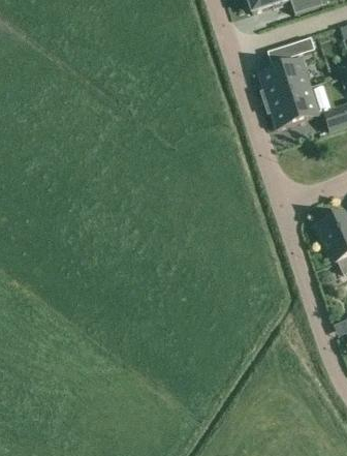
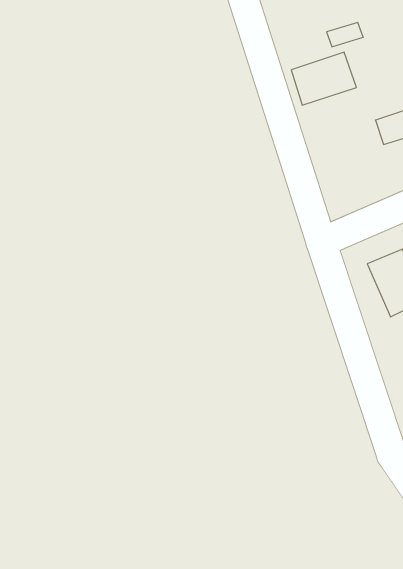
building: [267,86,317,126] -> none

